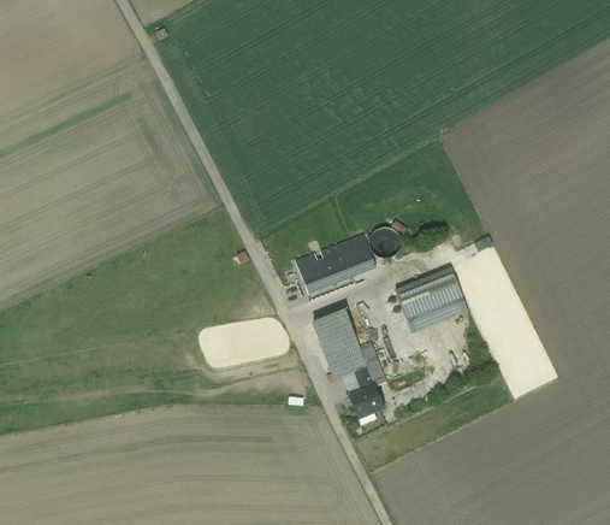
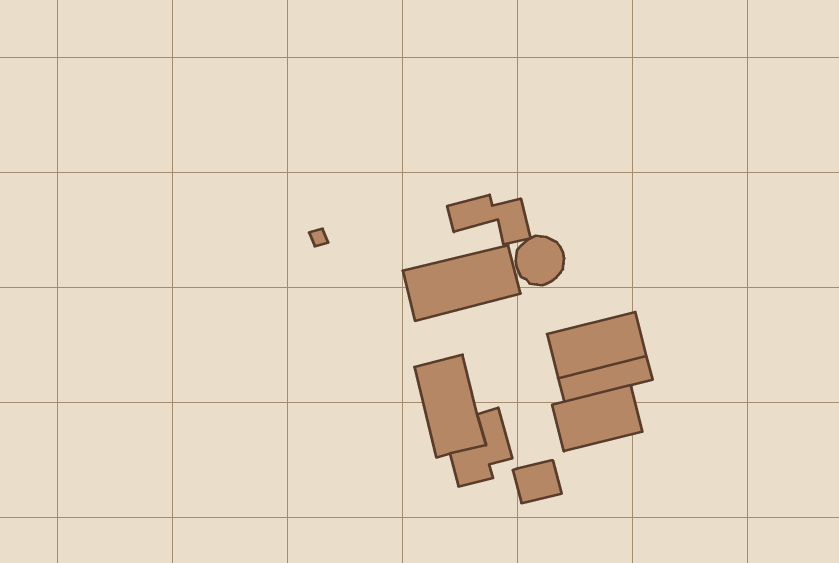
building: none -> [447,195,530,244]
building: none -> [552,385,642,451]
building: [349,388,383,418] -> [513,460,562,503]

